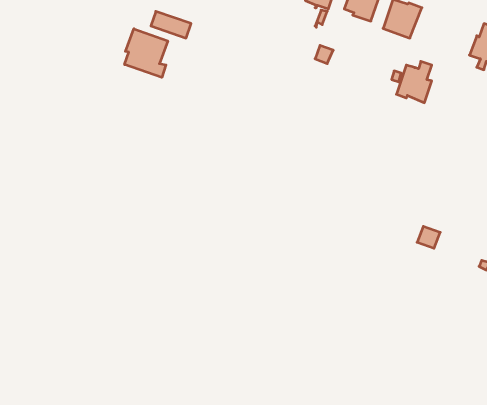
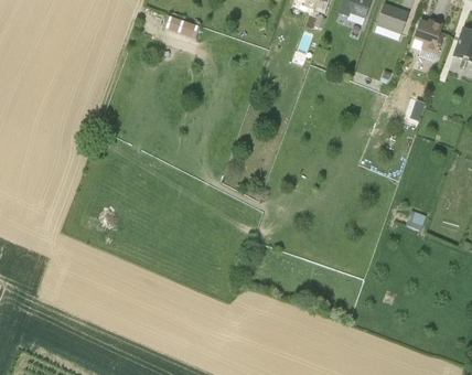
building: [125,29,168,77] -> none
building: [396,61,432,103] -> [411,15,443,53]

